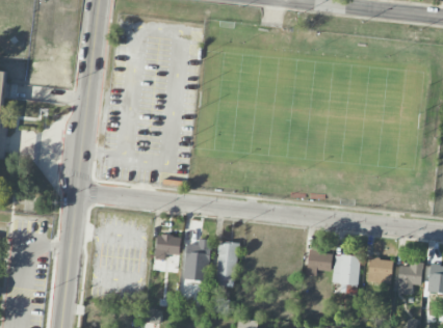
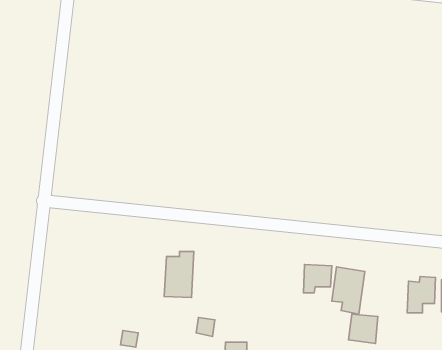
building: [155,235,180,259] -> none
building: [215,243,237,288] -> none
building: [366,258,392,284] -> [348,314,378,343]

